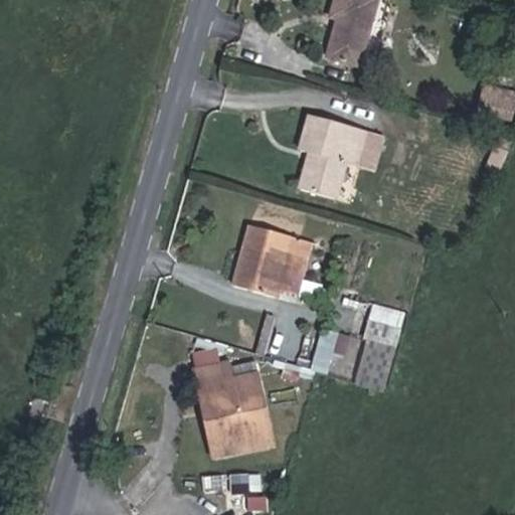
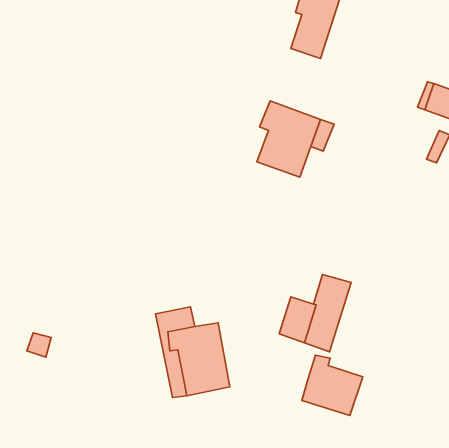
building: [229,218,298,296] -> none
building: none -> [302,355,363,416]

